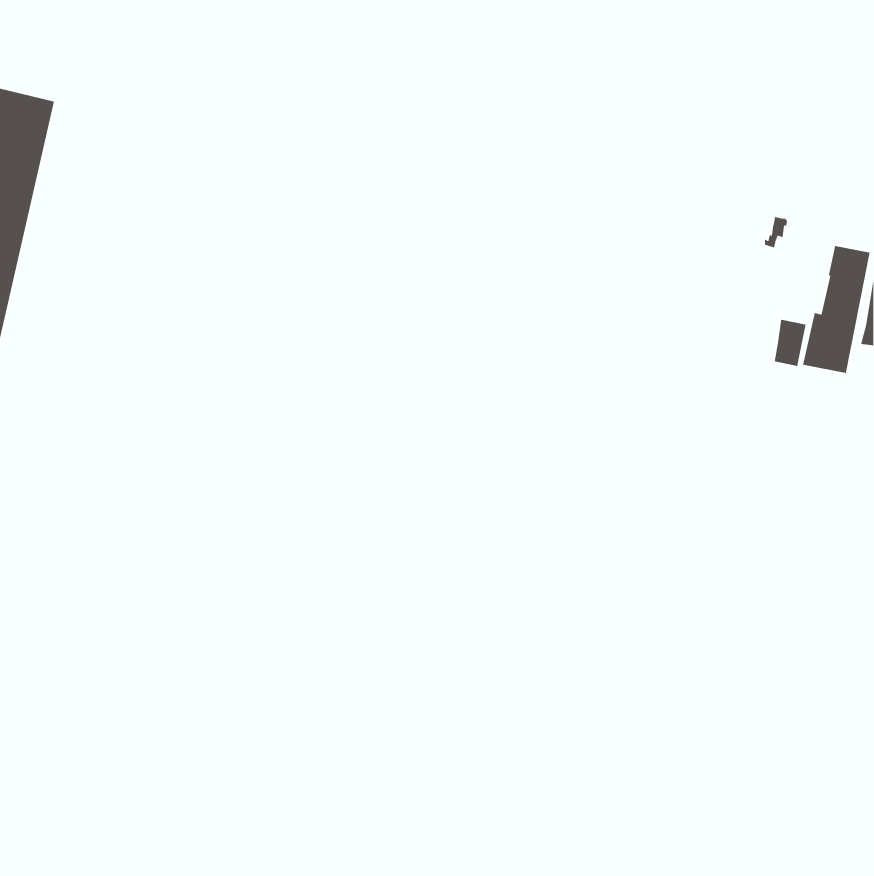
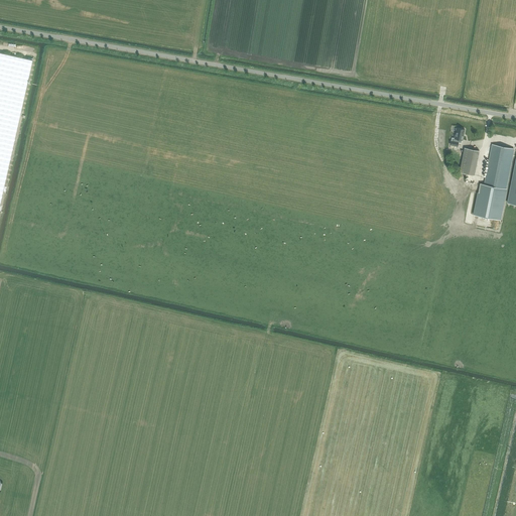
building: [774,319,806,367] -> [459,147,478,175]

